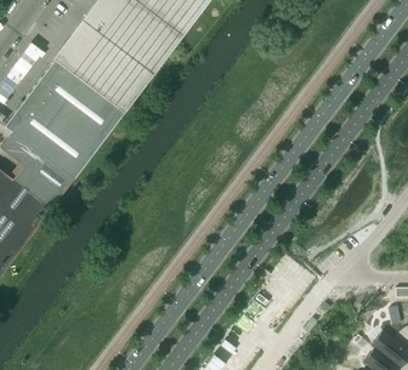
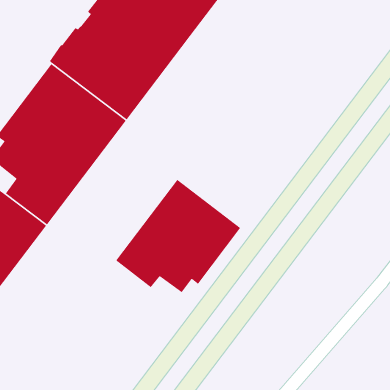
building: none -> [115,179,241,293]

